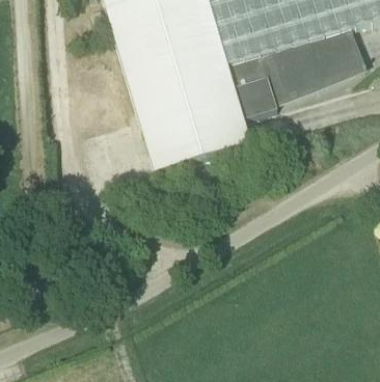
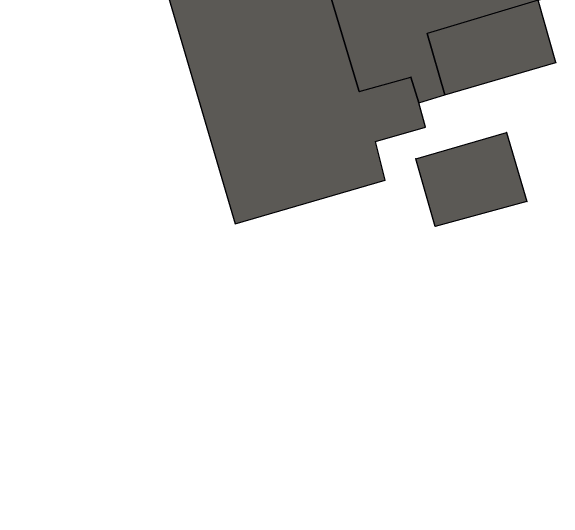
building: none -> [416,132,527,226]

